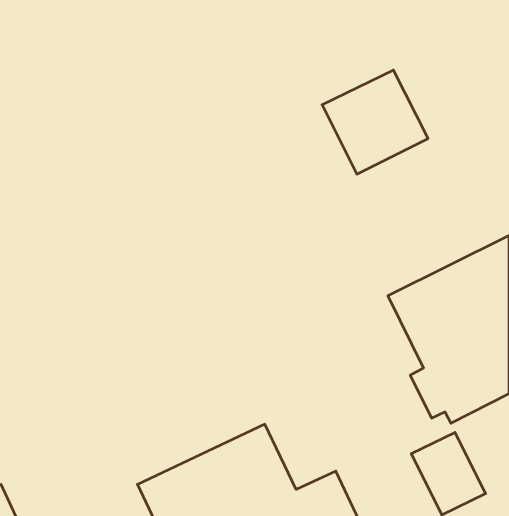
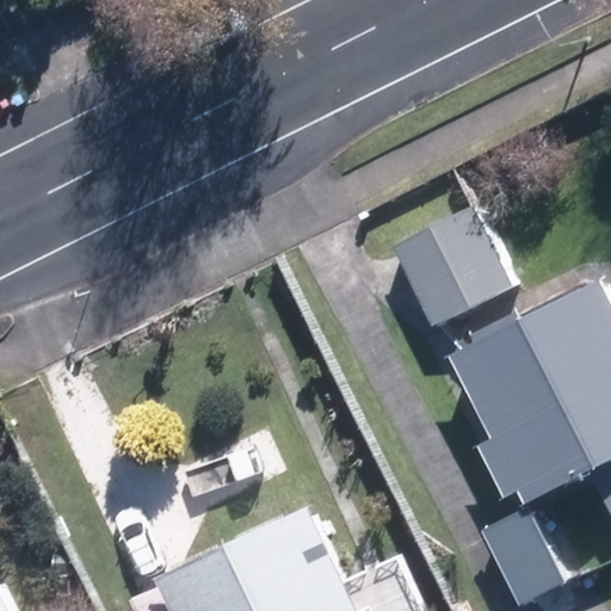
building: [322,70,428,174] -> [390,206,514,328]

